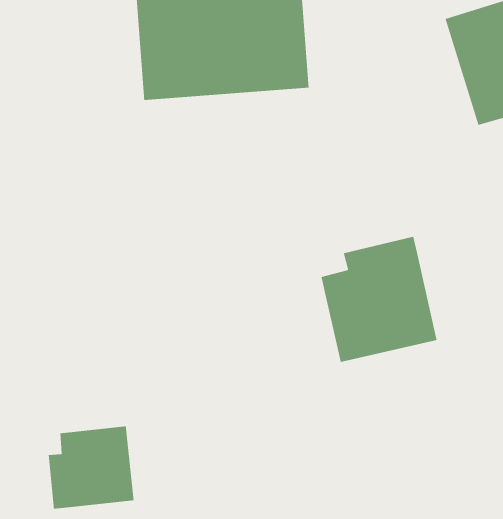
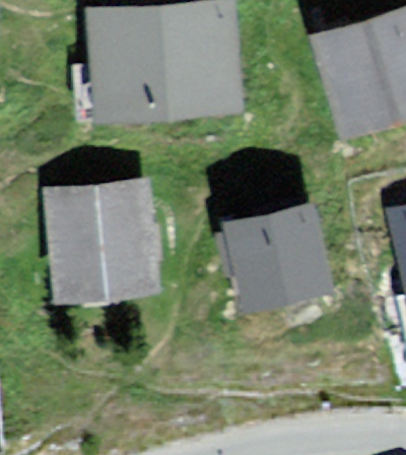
building: none -> [55,191,159,311]
building: [48,426,134,509] -> none

